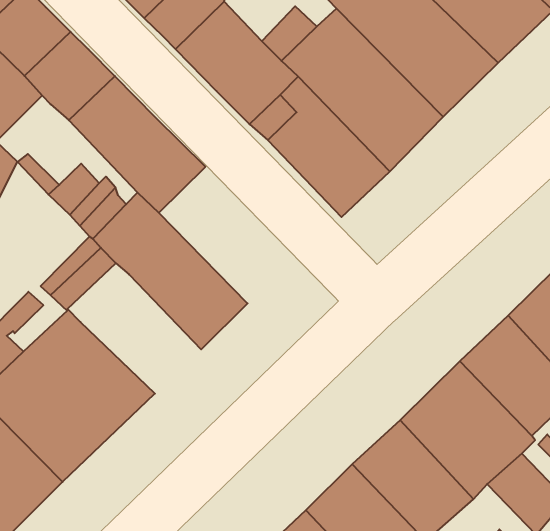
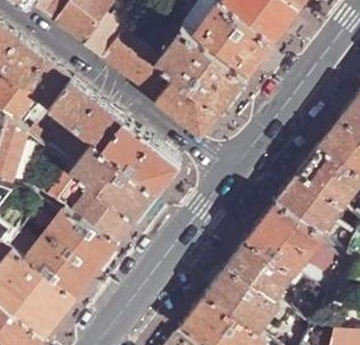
building: none -> [106,119,181,188]
building: none -> [73,182,139,243]

